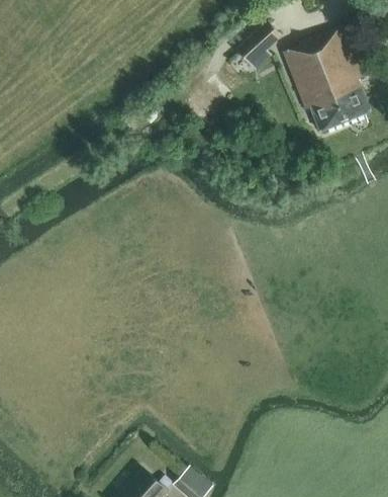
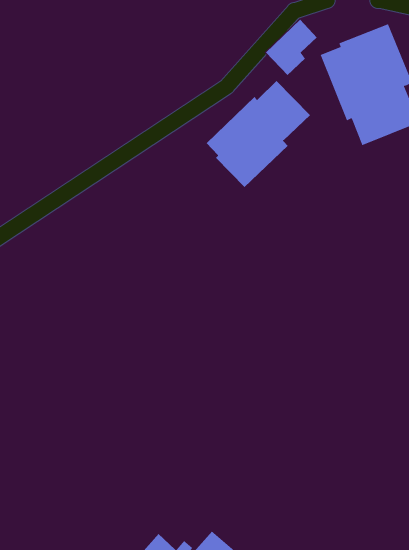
building: none -> [206,80,311,188]

